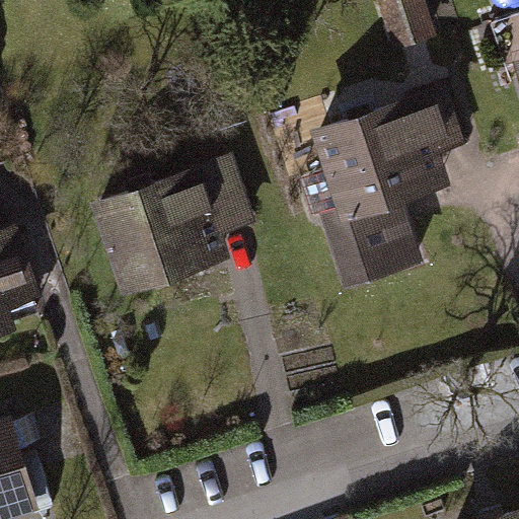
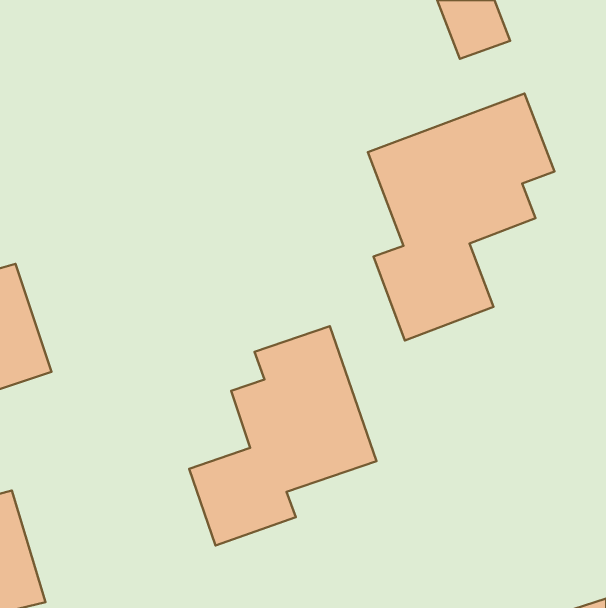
building: [87,154,256,298] -> none
building: none -> [189,326,377,545]

